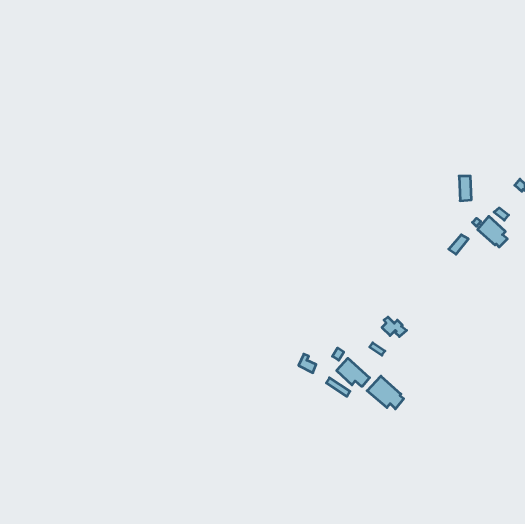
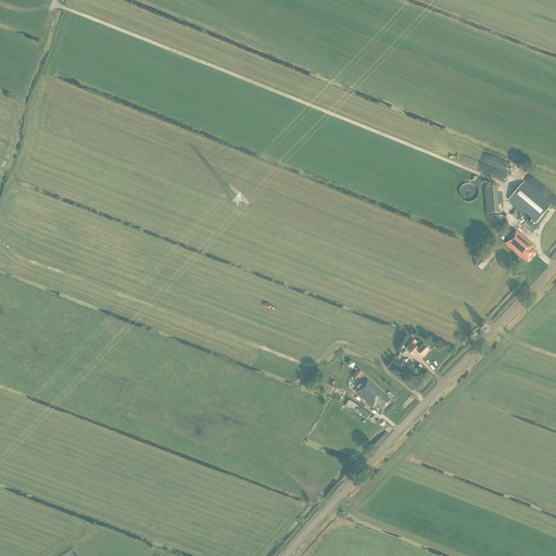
building: none -> [507,180,549,222]
building: [367,376,404,409] -> none

